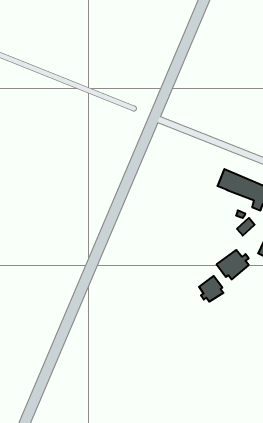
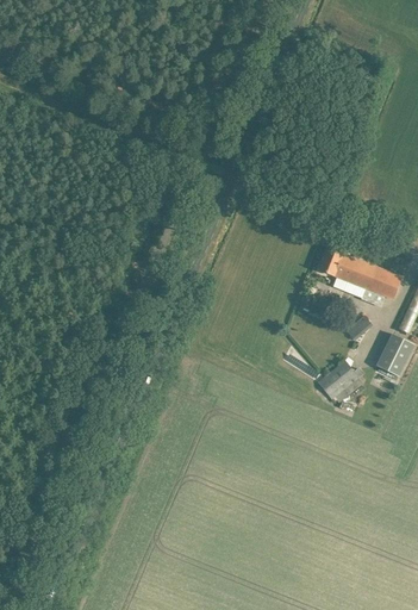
building: [199,276,223,302] -> none

